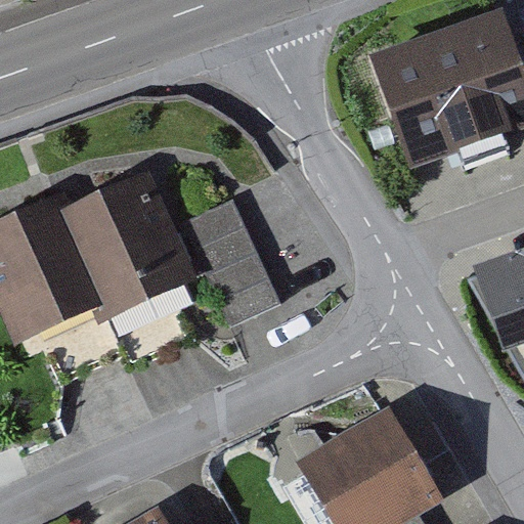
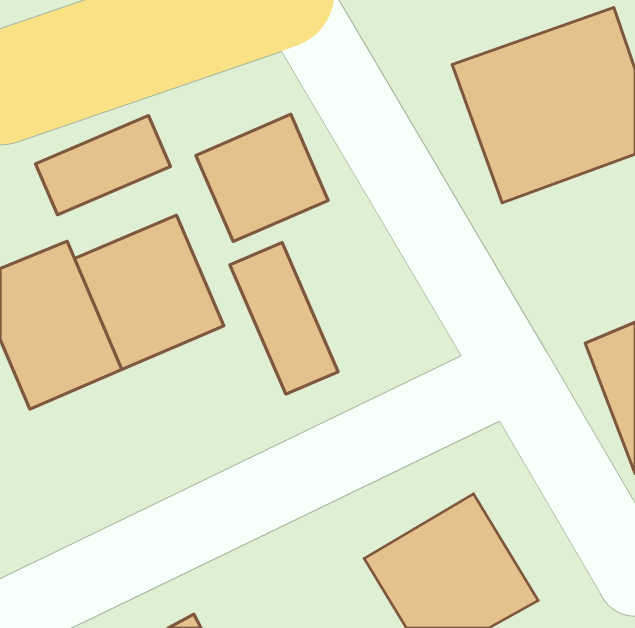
building: none -> [196,114,328,242]
building: none -> [35,116,170,215]

